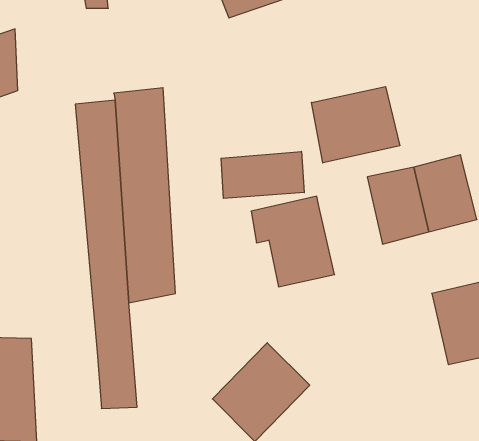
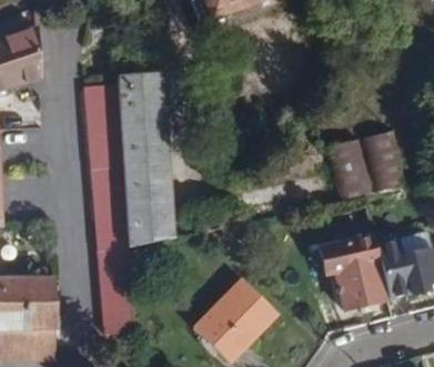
building: [311,87,400,163] -> none
building: [221,151,304,198] -> none
building: [251,196,335,287] -> [321,235,388,308]

